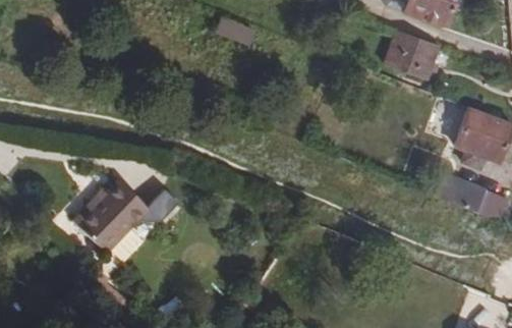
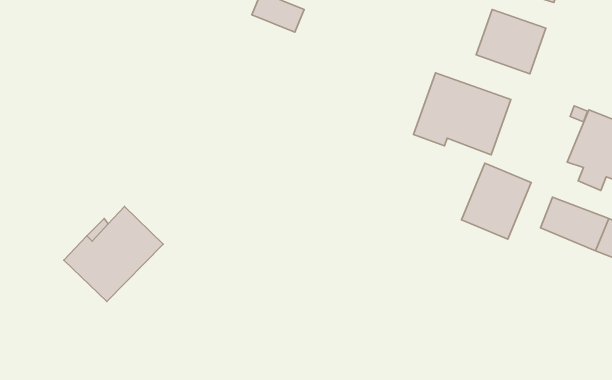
building: none -> [414,73,511,155]
building: none -> [461,163,531,239]

